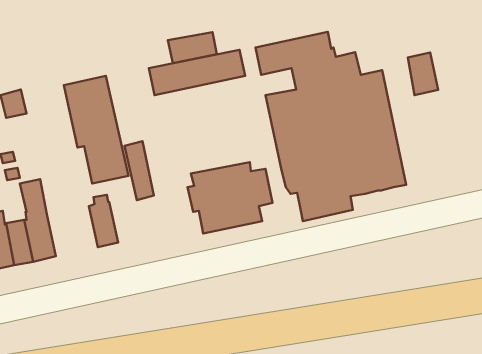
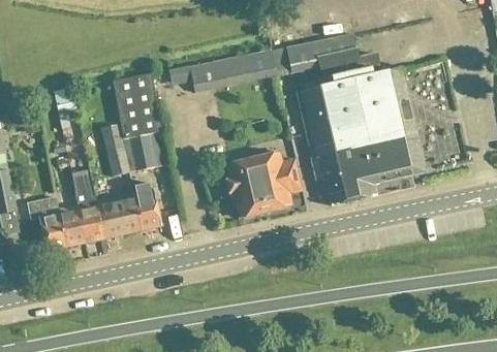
building: [168,32,217,63] -> none
building: [408,53,438,95] -> none
building: [124,141,154,200] -> [100,123,127,177]
building: none -> [94,192,141,237]

